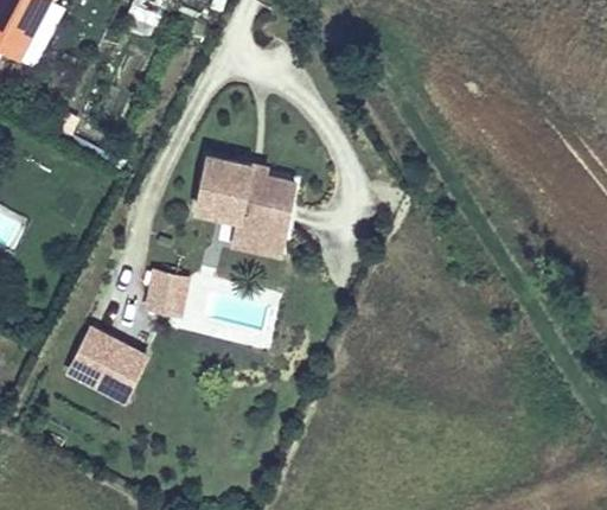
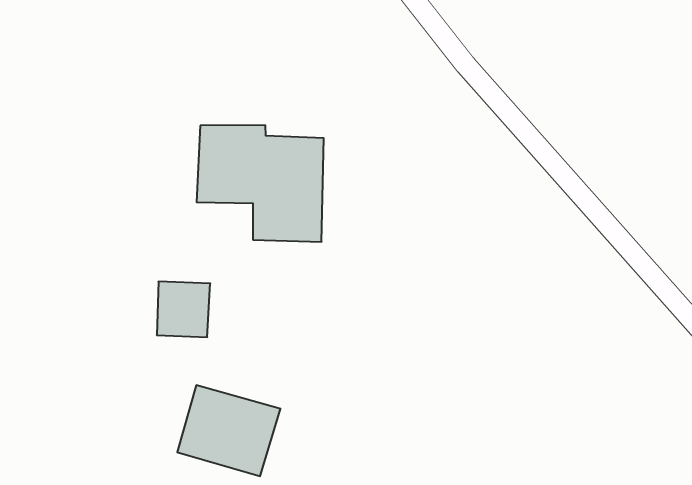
building: [64,325,151,404] -> [177,385,281,476]

